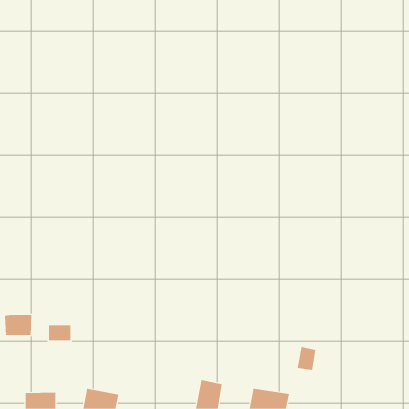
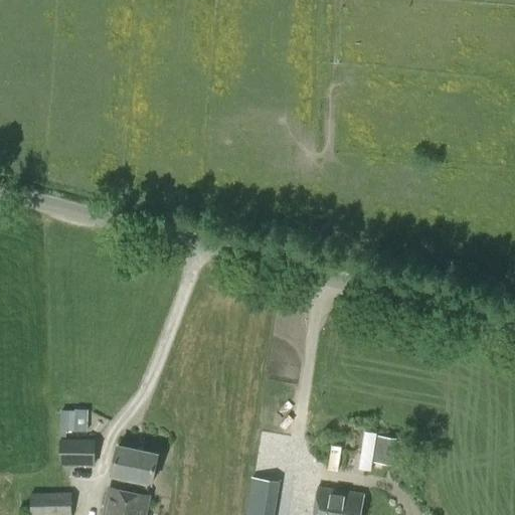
building: [4,315,32,335] -> [59,440,95,466]
building: none -> [113,446,157,485]

